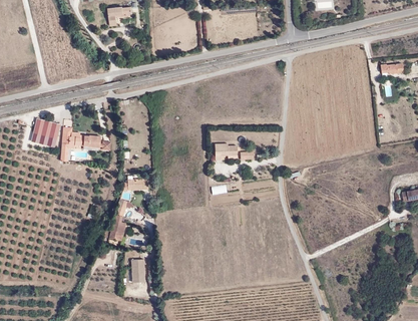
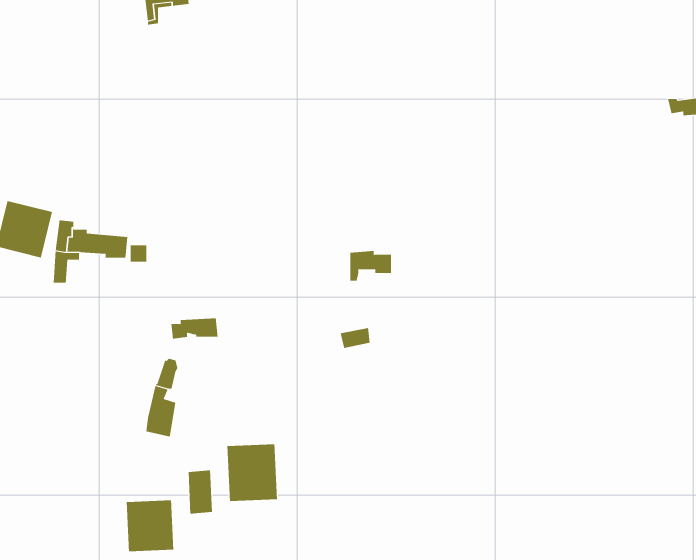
building: none -> [227,443,278,502]
building: none -> [126,500,174,552]

